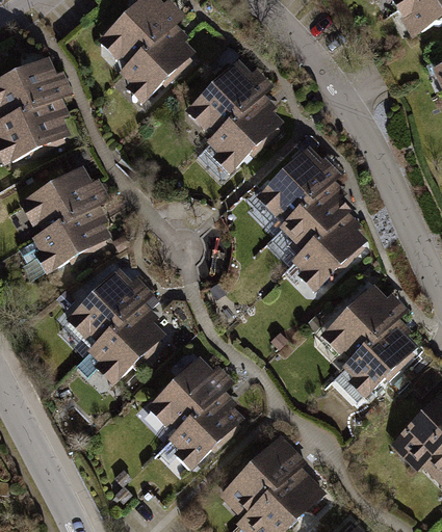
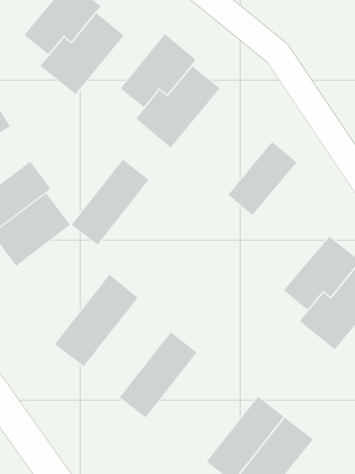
building: [254,147,339,228] -> none
building: [291,212,370,288] -> none
building: [63,265,149,348] -> [71,159,150,245]
building: [160,381,252,471] -> none

